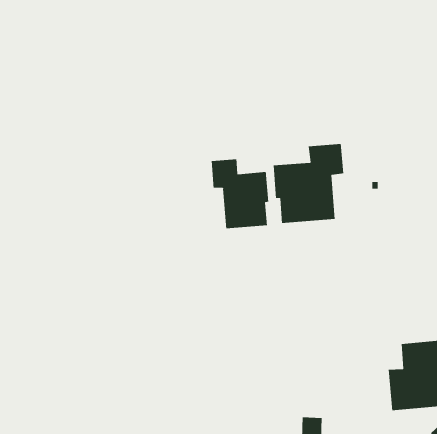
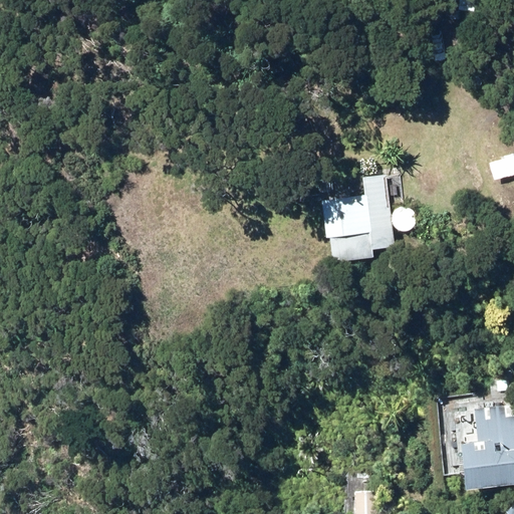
building: [211,159,269,229] -> none

